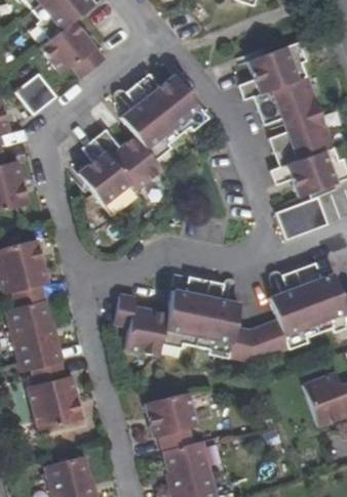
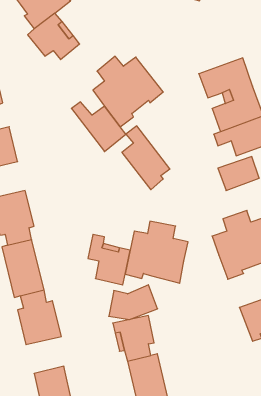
building: [238,42,307,98] -> none
building: [16,72,57,114] -> none
building: [76,137,136,216] -> [122,126,170,190]
building: [228,319,288,362] -> [109,285,158,320]

